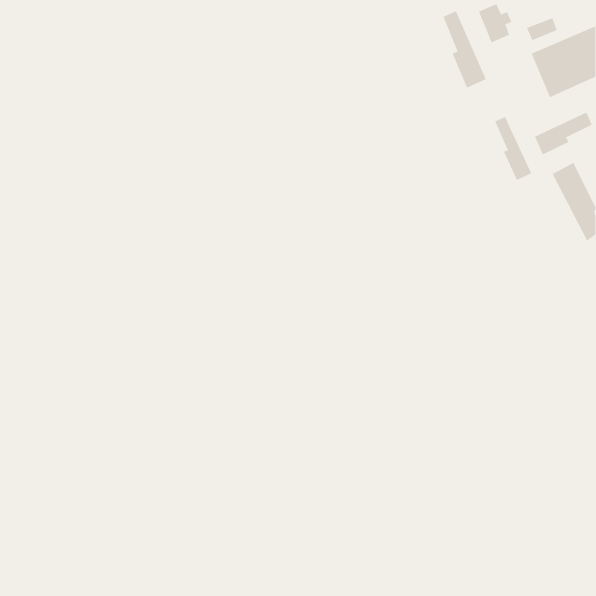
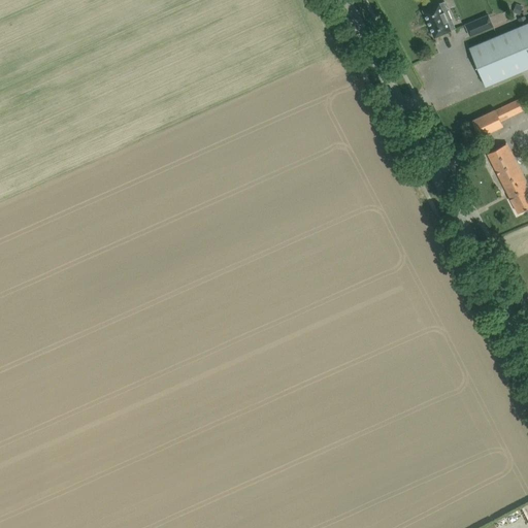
building: [443,10,486,89] -> none
building: [495,116,532,181] -> none

